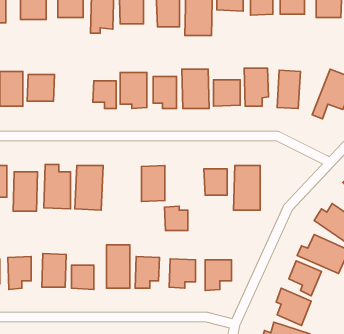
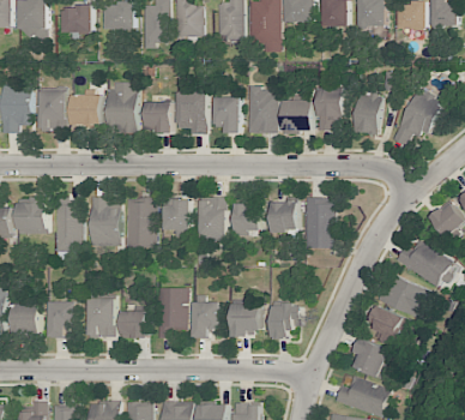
building: none -> [107,82,135,130]
building: none -> [162,199,189,230]
building: [164,206,188,230] -> [232,203,259,230]

